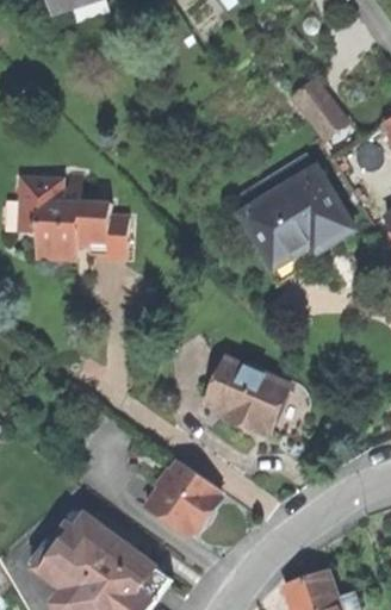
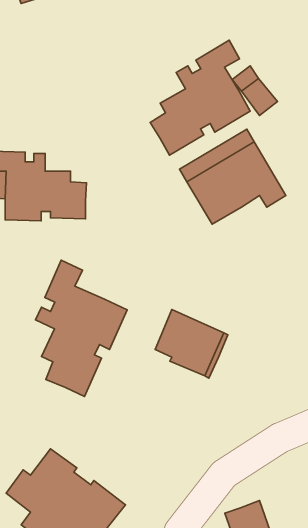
building: none -> [150,40,250,155]
building: none -> [36,260,127,397]
building: [145,461,218,536] -> none

